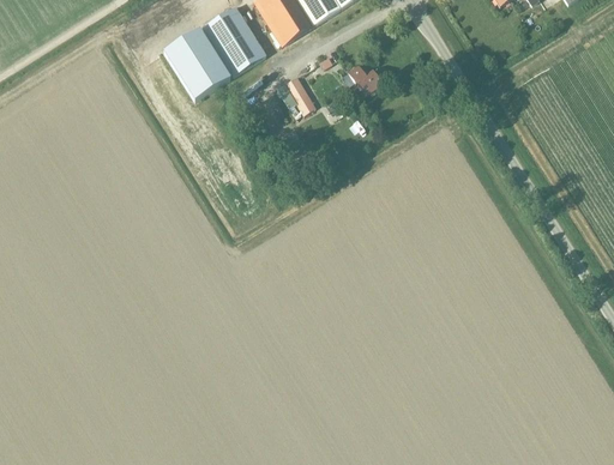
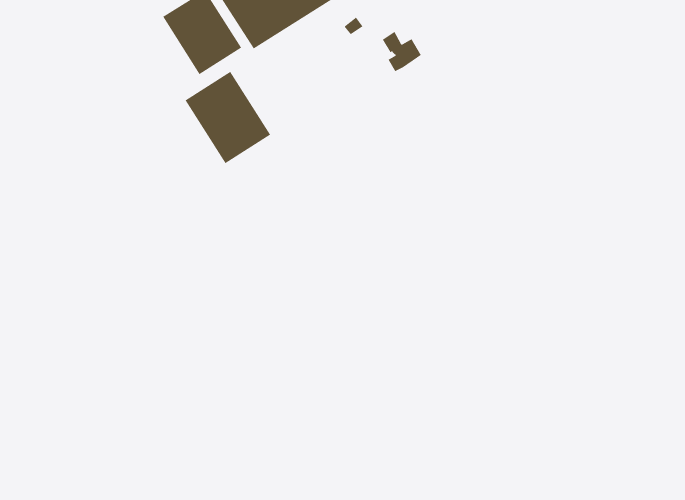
building: [276,74,315,113] -> none
building: none -> [185,71,271,164]

